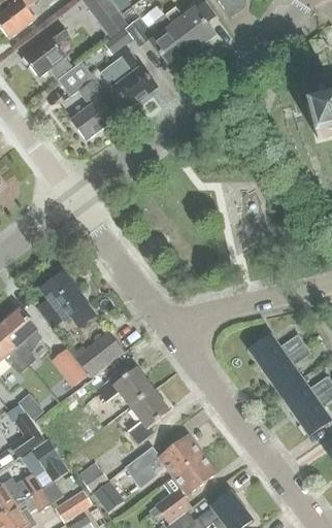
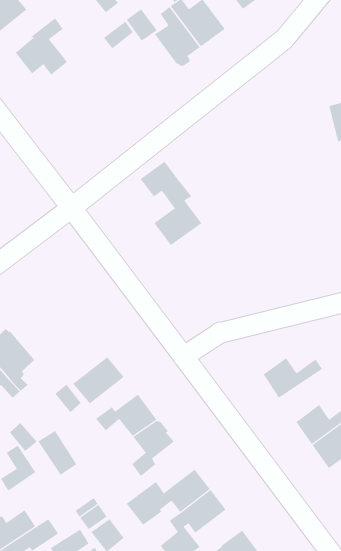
building: [111,51,156,108] -> none
building: [58,62,114,139] -> [140,161,202,246]
building: [37,272,94,326] -> none
building: [263,344,308,393] -> none
building: [29,440,65,482] -> [37,430,77,476]

